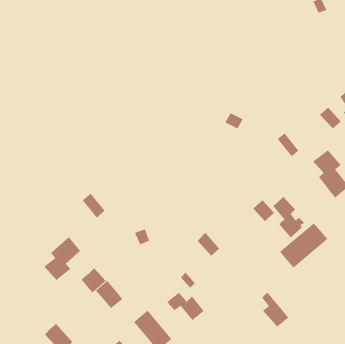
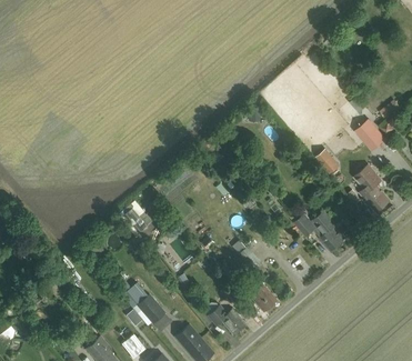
building: [279,222,328,269] -> none
building: [43,236,81,281] -> none
building: [261,292,289,327] -> [249,277,277,312]

